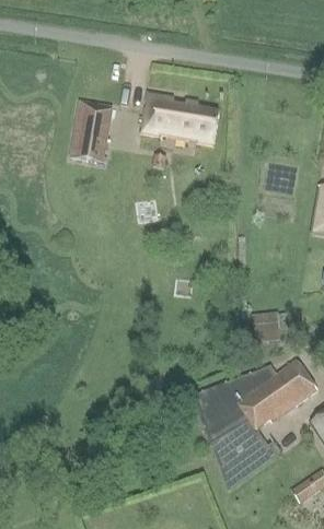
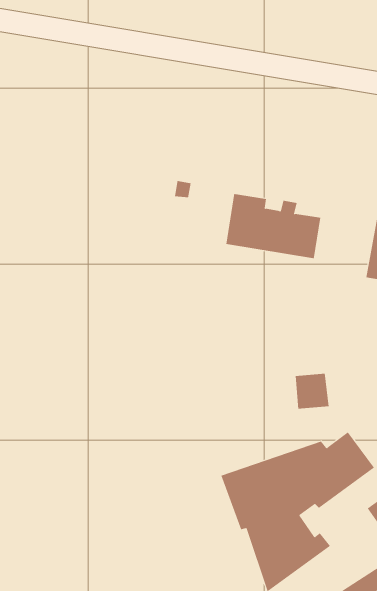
building: [141,92,220,145] -> [226,194,321,259]
building: [69,98,113,161] -> none

